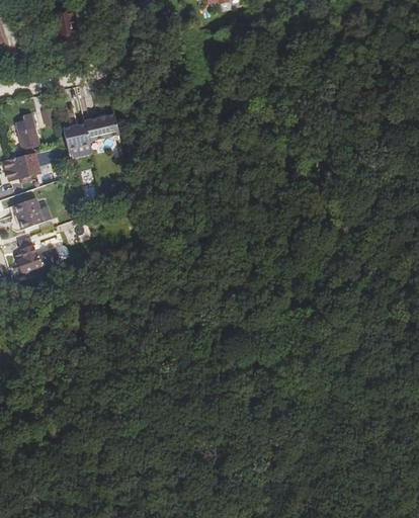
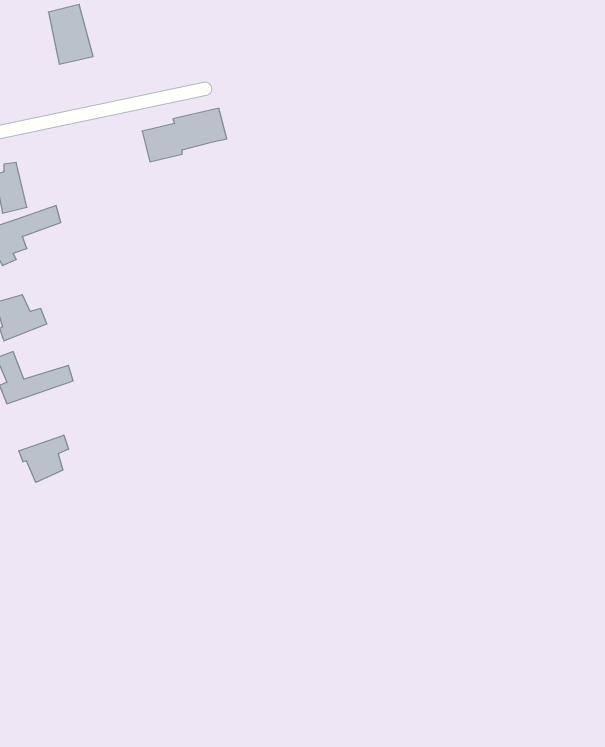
building: [63,115,118,151] -> [142,108,227,162]
building: none -> [19,435,69,482]

